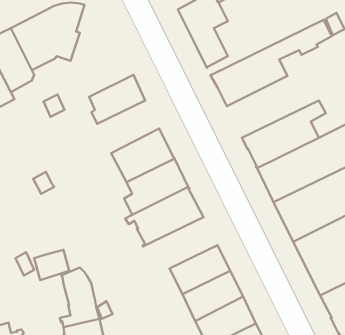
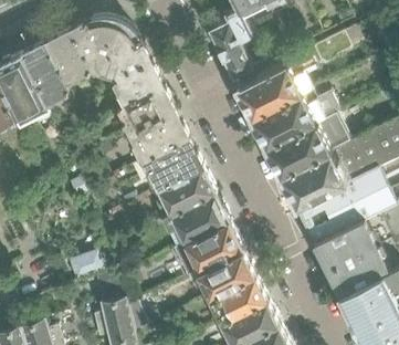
building: none -> [103,21,162,108]
building: none -> [251,88,338,147]
building: none -> [128,112,187,161]
building: none -> [171,222,242,271]

